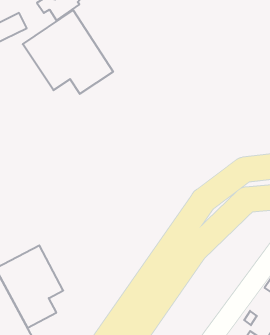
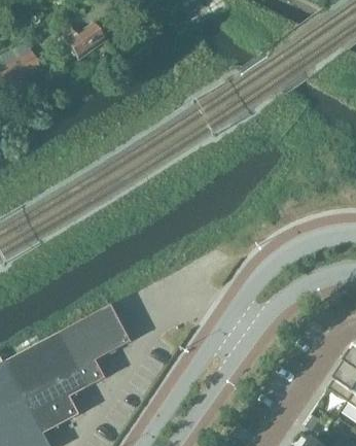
building: [23,10,113,94] -> none
building: none -> [57,304,129,387]

